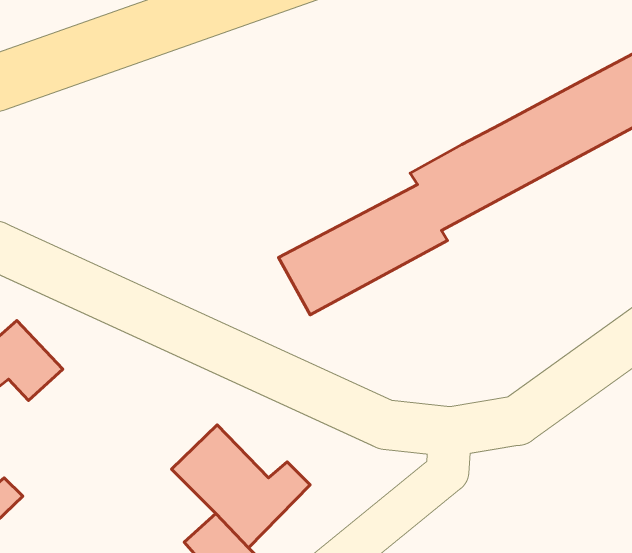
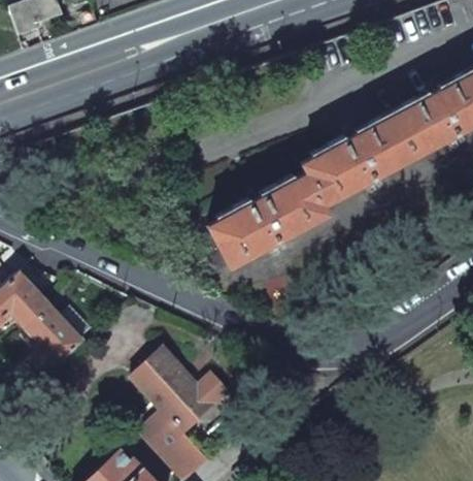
building: none -> [26,307,83,377]

